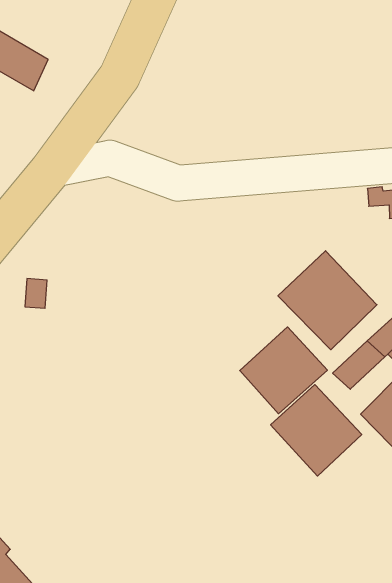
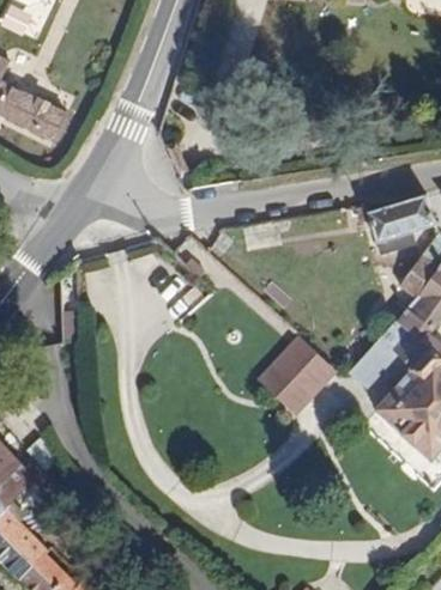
building: [278,251,377,350] -> none
building: [271,385,362,476] -> none

